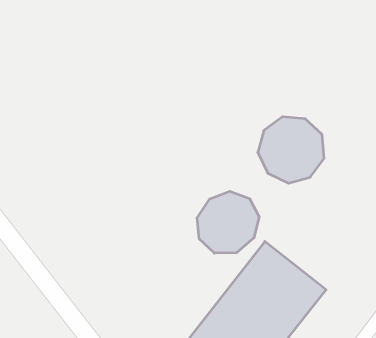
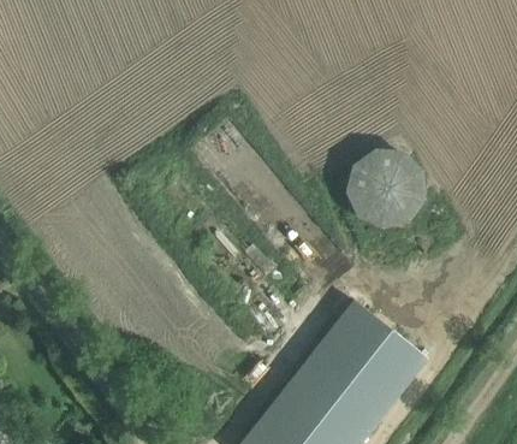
building: [197,191,259,253] -> none

